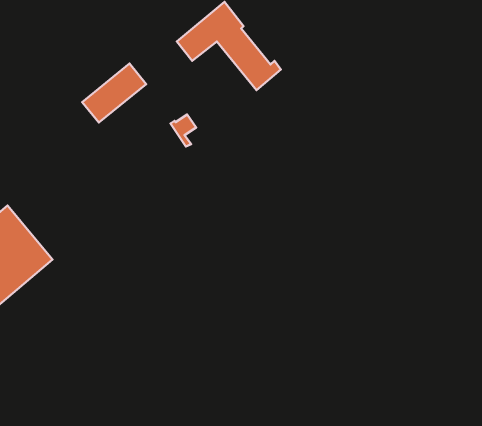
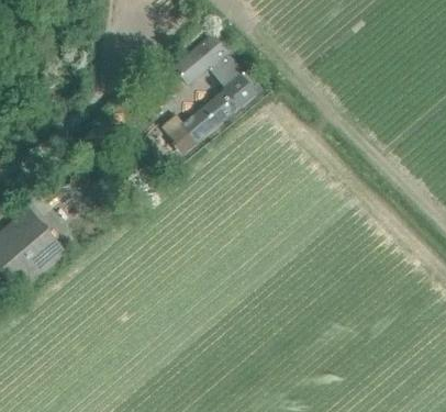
building: [82,64,146,123] -> [182,89,237,140]

